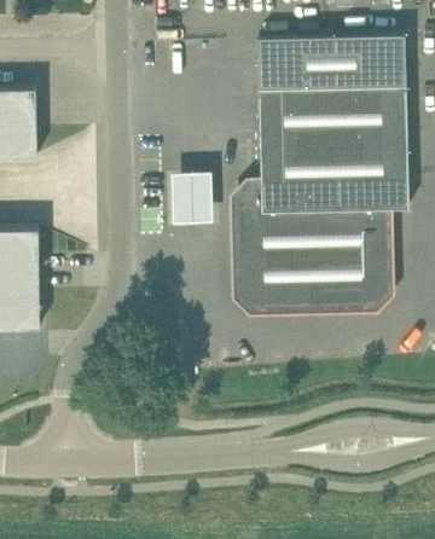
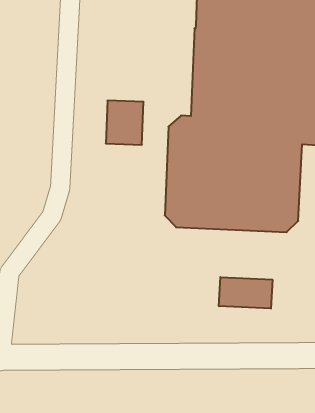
building: none -> [219,277,272,309]

